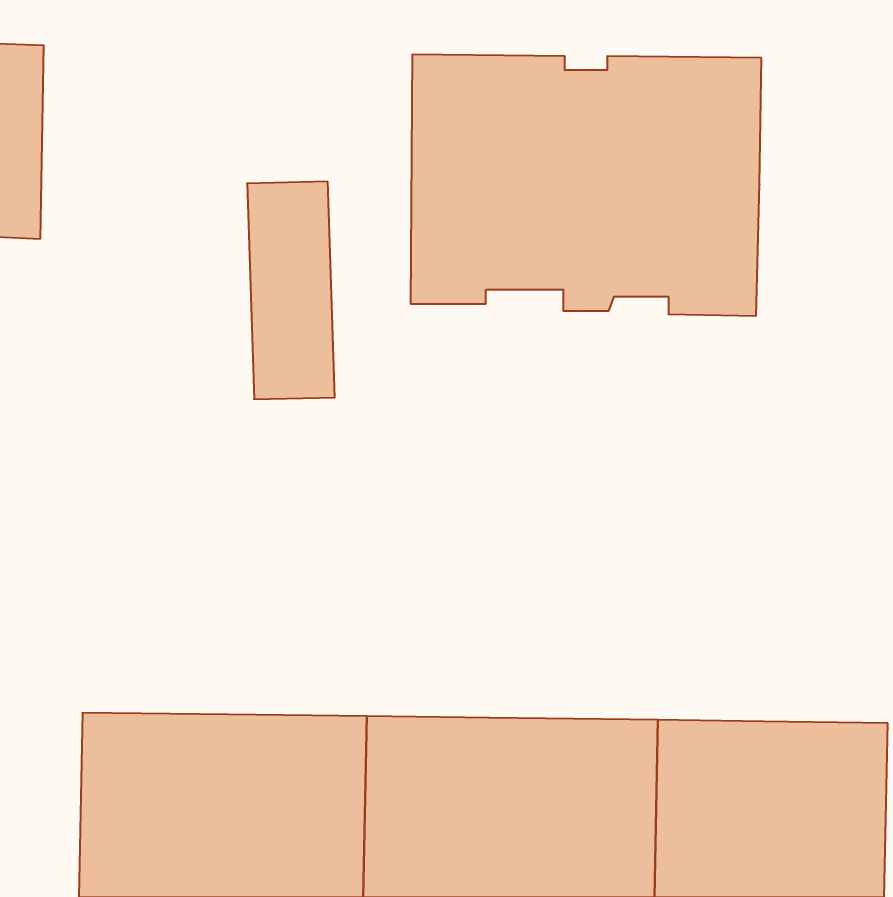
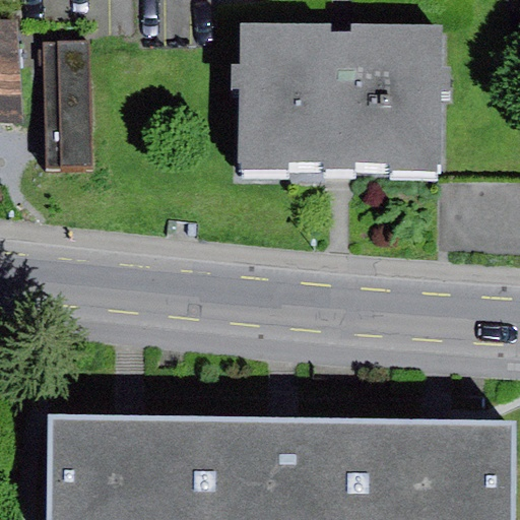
building: [247,182,335,399] -> [42,42,92,168]

